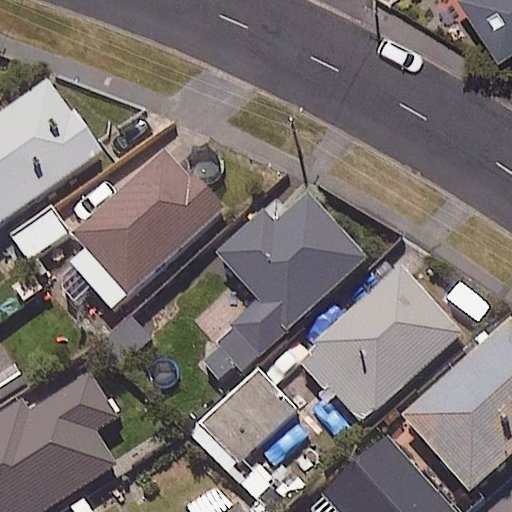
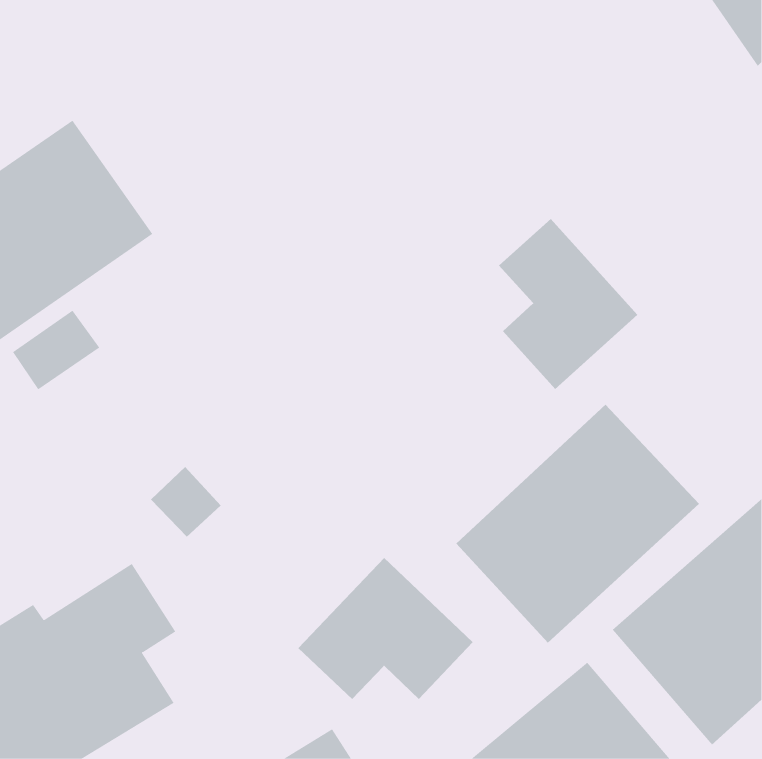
building: none -> [498,218,638,390]
building: [71,150,222,311] -> none
building: [197,194,365,385] -> none

